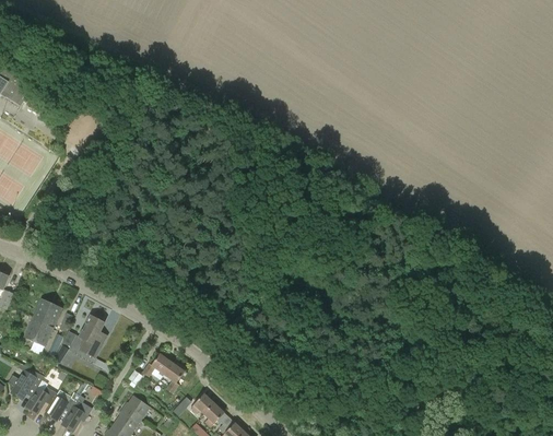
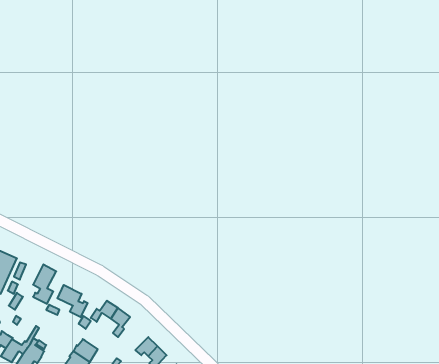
building: none -> [57,285,88,317]

